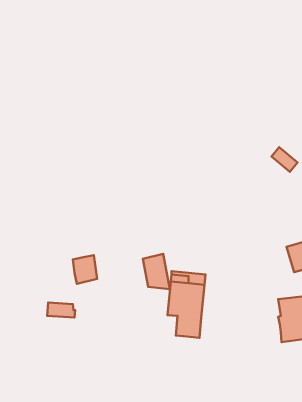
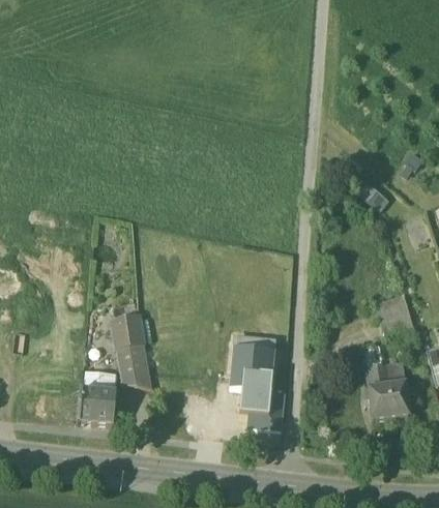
building: [143,254,170,289] -> [119,343,152,387]
building: none -> [80,389,116,423]
building: none -> [247,391,285,429]

